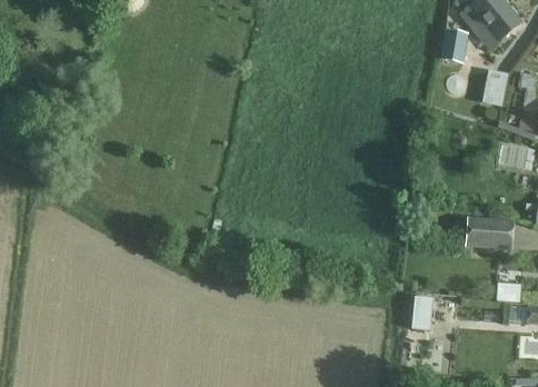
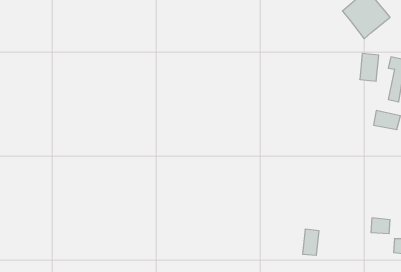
building: [440,30,469,64] -> none
building: [466,217,515,251] -> none

